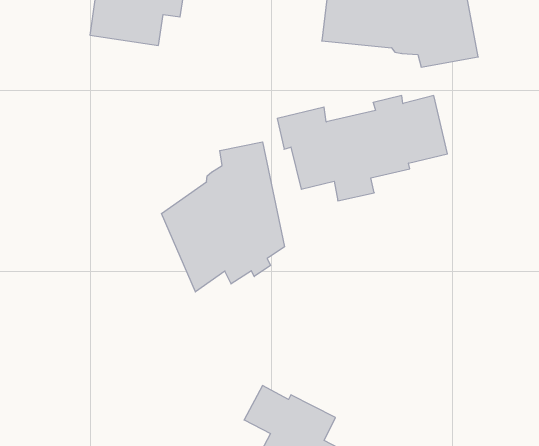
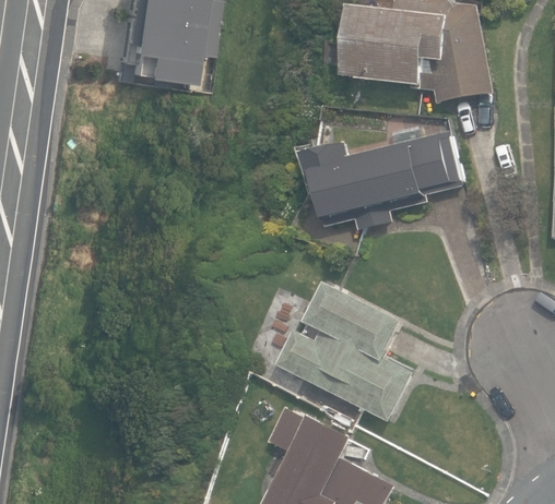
building: [162,142,284,292] -> none
building: none -> [275,281,412,421]

